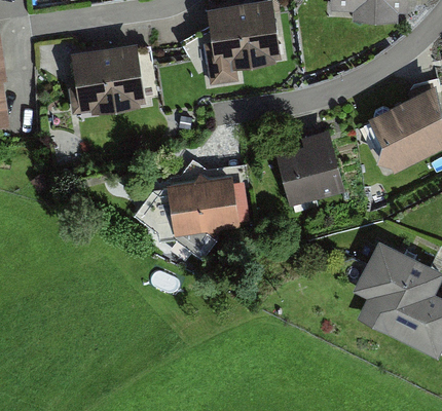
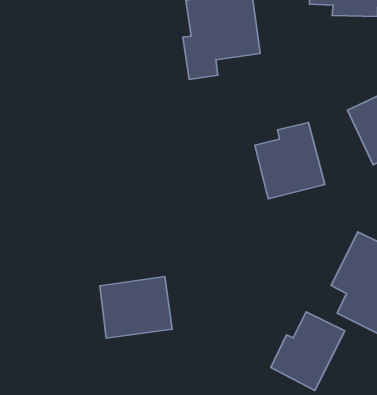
building: [68,42,146,117] -> none
building: [168,177,240,238] -> [100,276,172,338]
building: none -> [271,312,345,391]

